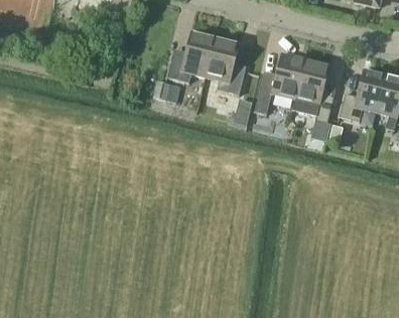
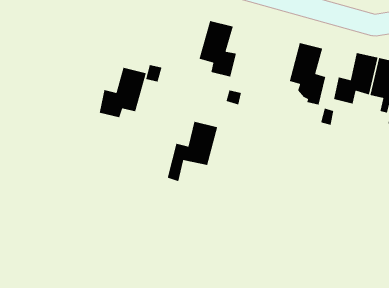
building: [168,31,217,83] -> [99,67,147,118]
building: [255,53,306,115] -> [167,121,218,182]

